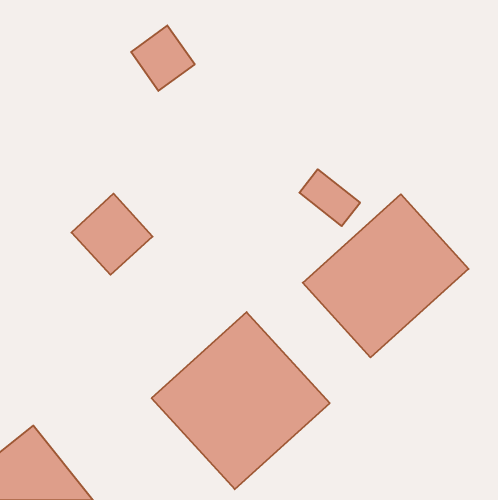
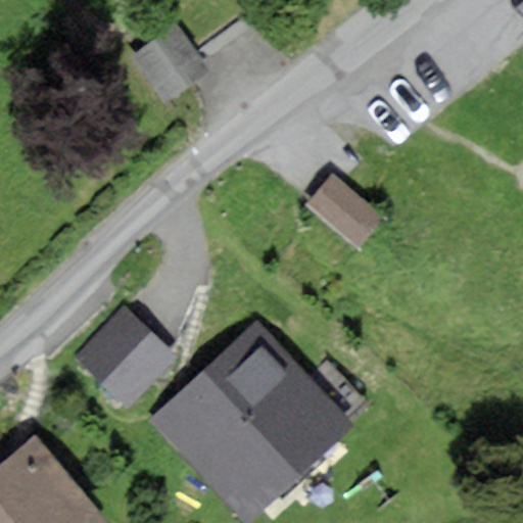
building: [71,194,153,275] -> [83,311,168,395]
building: [303,194,469,357] -> none

